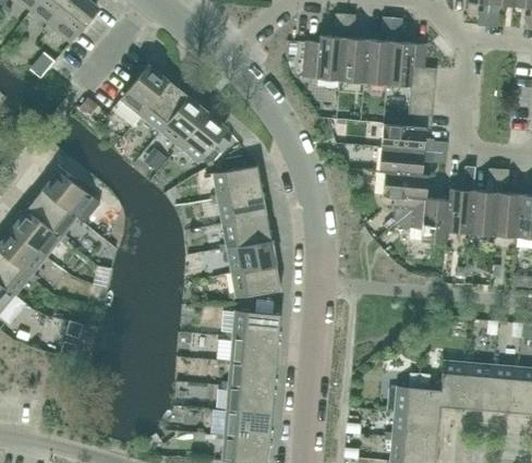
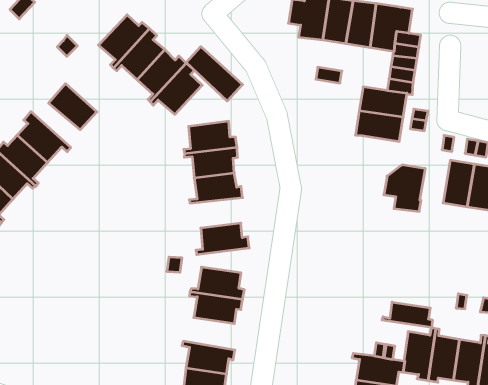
building: none -> [186,47,243,101]
building: none -> [49,84,97,130]
building: [383,171,428,209] -> none
building: [446,187,473,232] -> none
building: [220,240,274,272] -> none
building: none -> [382,302,432,328]
building: [222,361,275,390] -> none

